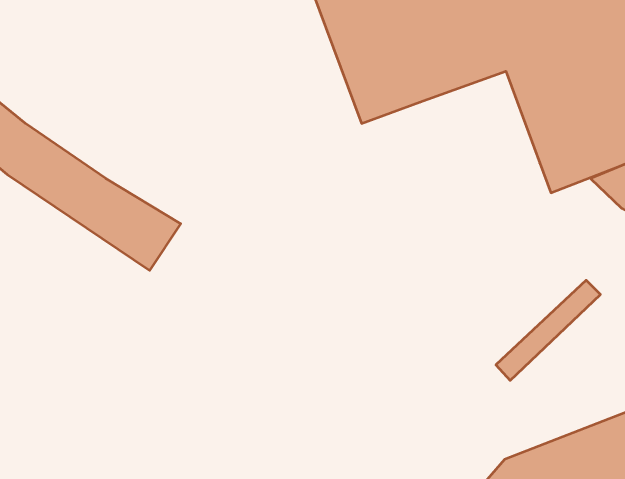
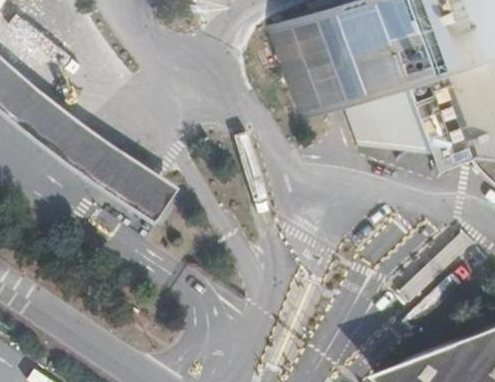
building: none -> [347,82,433,147]

